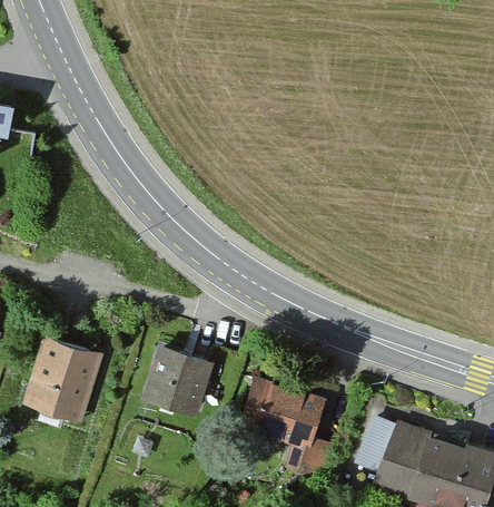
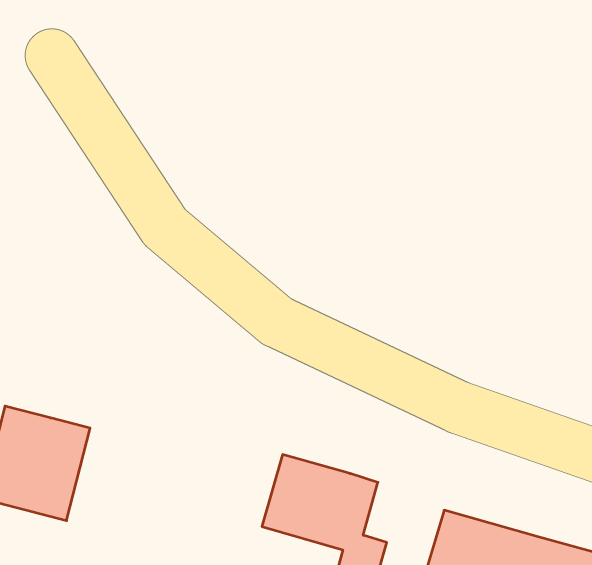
building: [138,345,214,417] -> none

